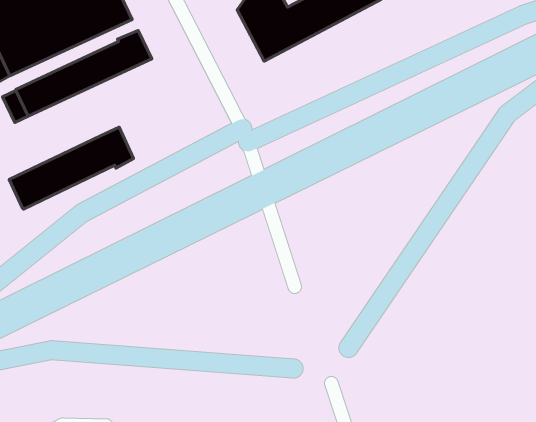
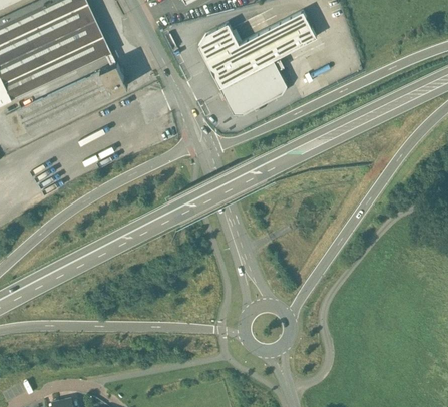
building: none -> [220,61,286,117]
building: [9,127,134,209] -> none

